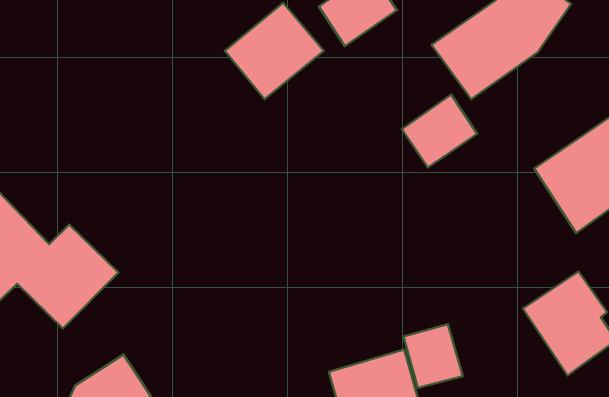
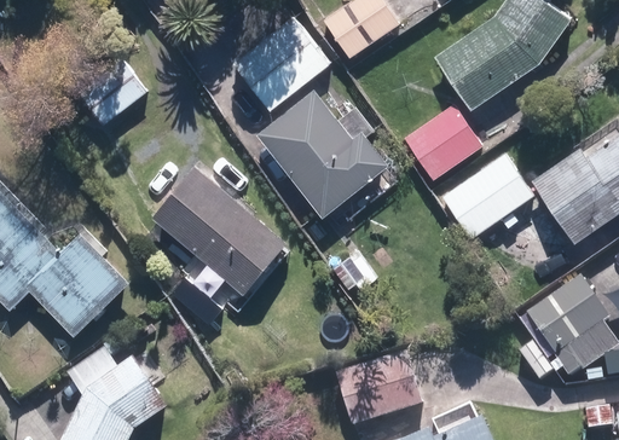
building: none -> [258,89,391,218]
building: none -> [441,154,532,236]
building: none -> [150,163,291,297]
building: [404,324,463,388] -> none

